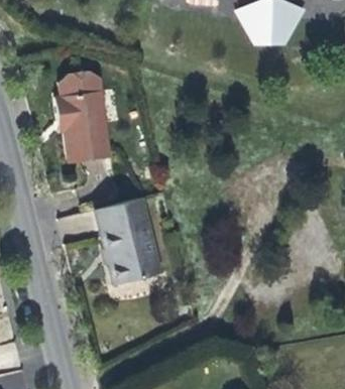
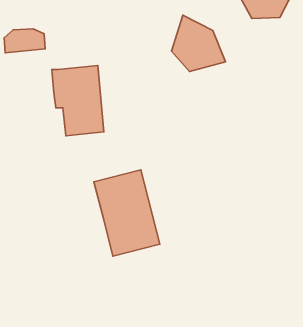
building: none -> [172,15,226,72]
building: [60,72,101,96] -> [4,29,45,53]

